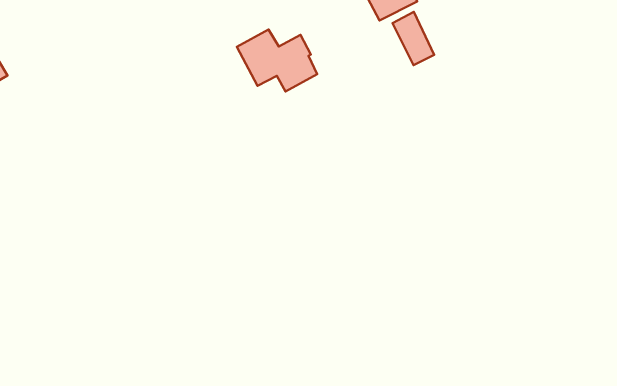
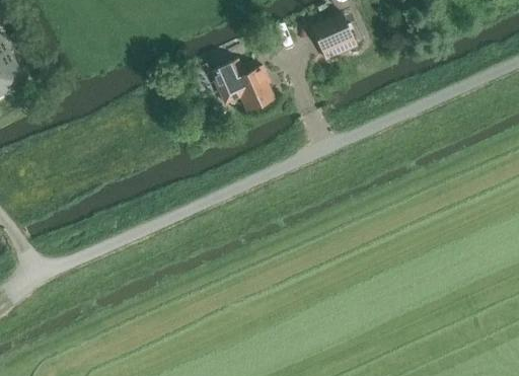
building: [392,12,434,65] -> none

